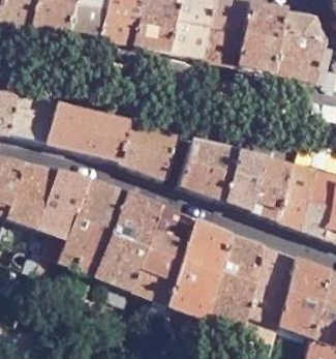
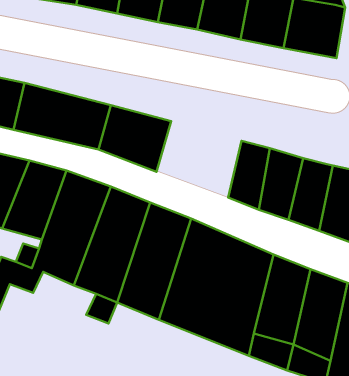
building: [180,140,237,201] -> none

